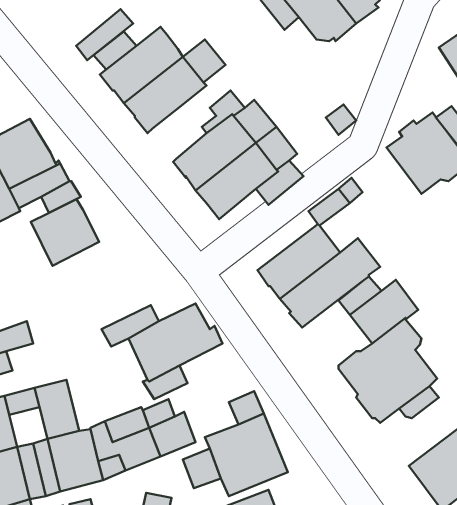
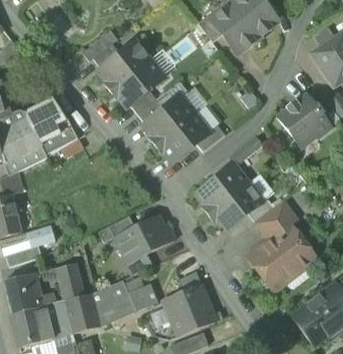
building: none -> [129,89,169,123]
building: [31,199,99,266] -> none

